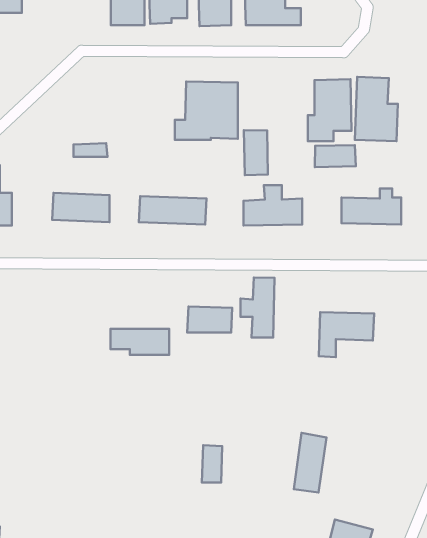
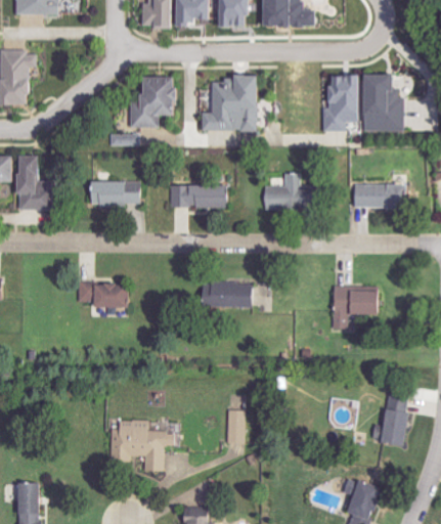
building: none -> [128,78,176,128]
building: [244,130,268,175] -> none
building: [315,145,356,167] -> none
building: [240,278,275,338] -> none
building: [111,329,169,355] -> [76,282,129,306]
building: [294,433,326,493] -> [379,391,408,445]
building: none -> [108,420,172,470]

